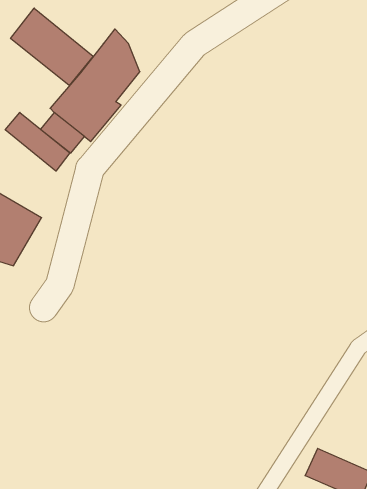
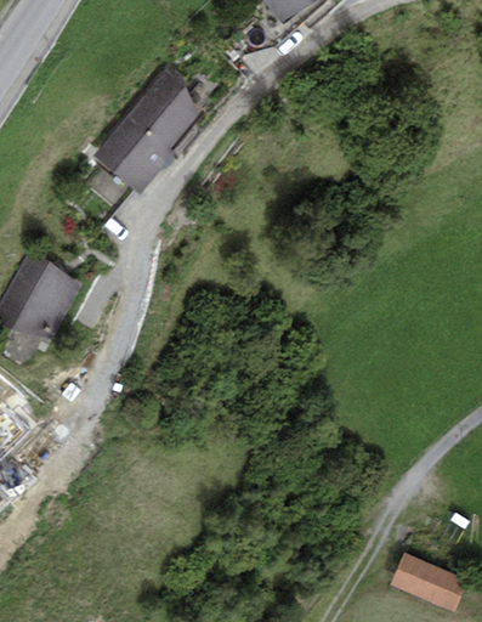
building: [11,8,93,85] -> none
building: [5,112,70,171] -> none

